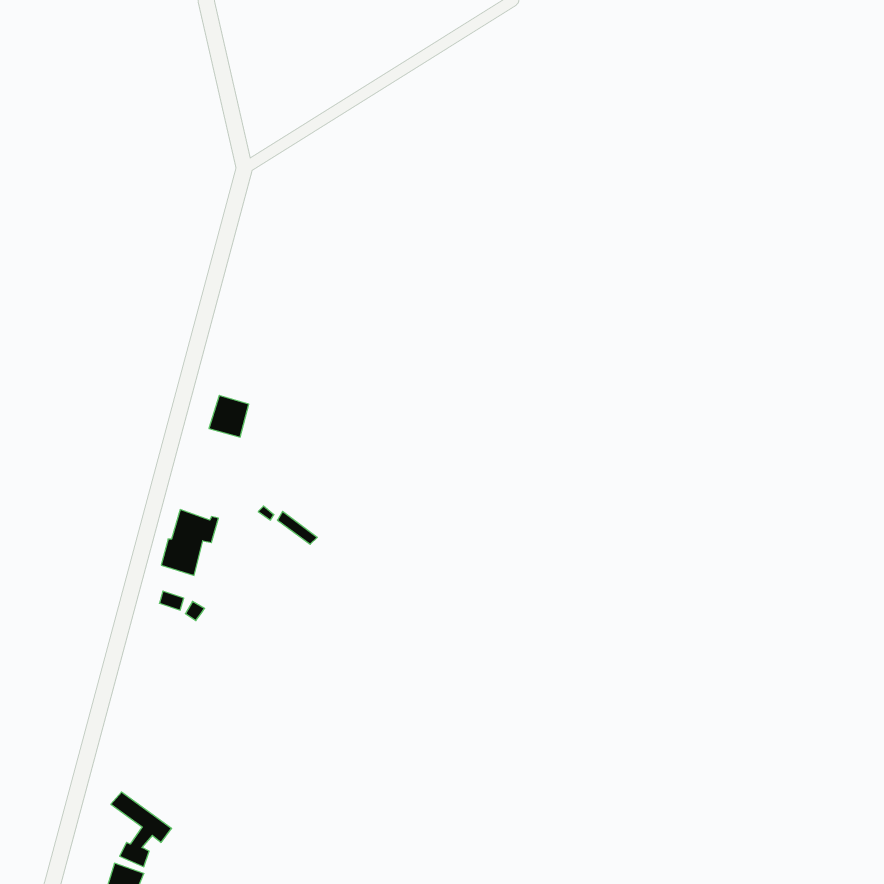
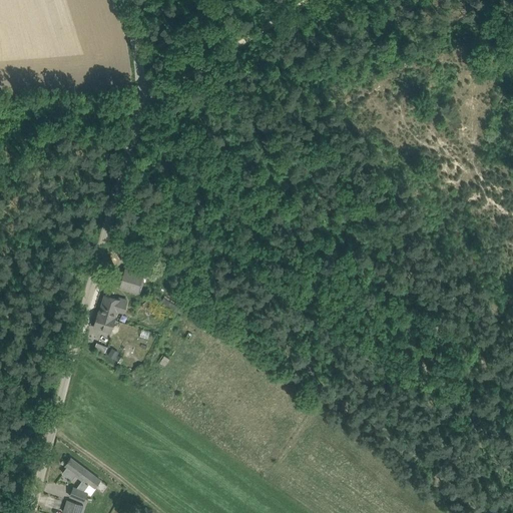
building: [209,395,249,437] -> [118,270,141,294]

